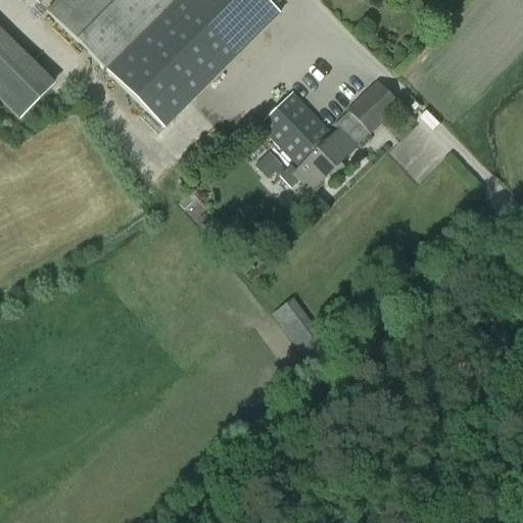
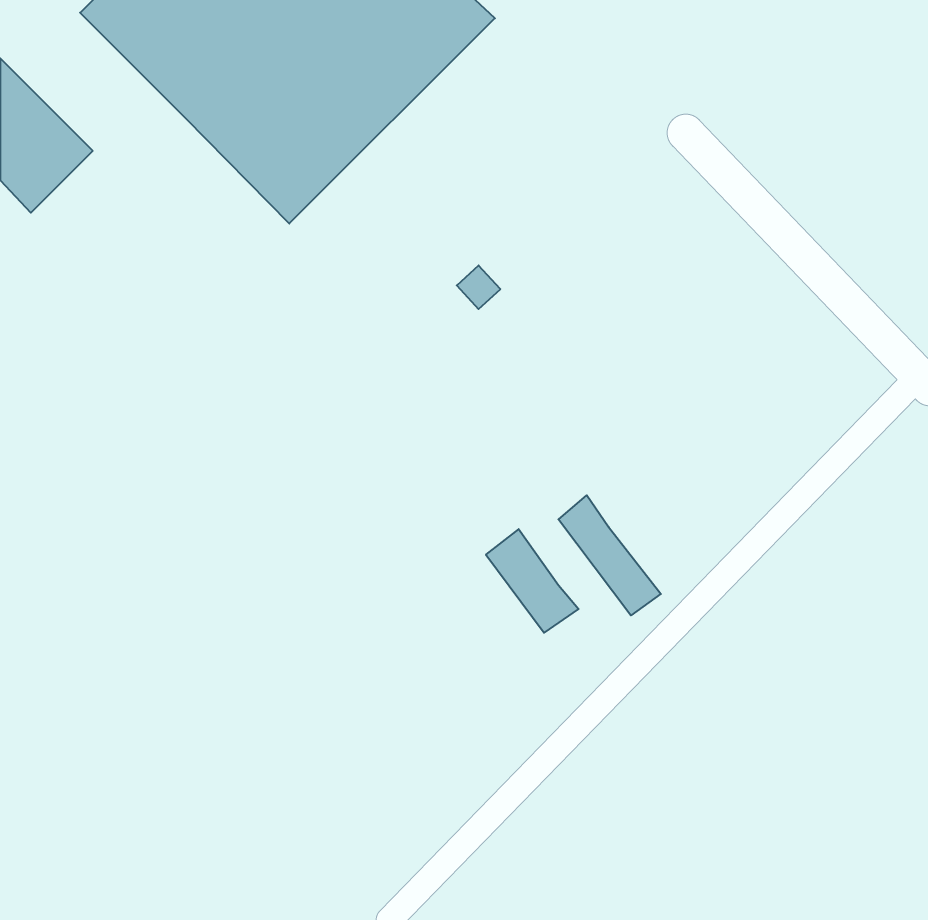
building: [259,78,400,189] -> none
building: none -> [558,495,661,615]

